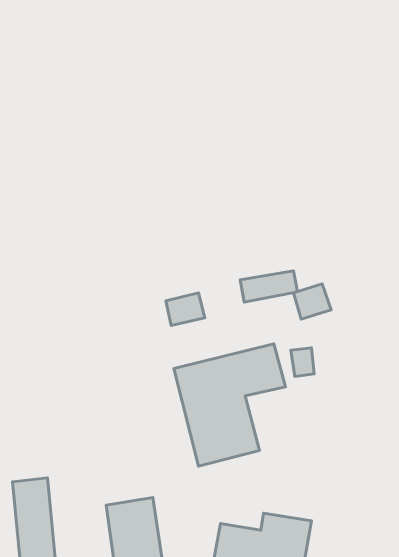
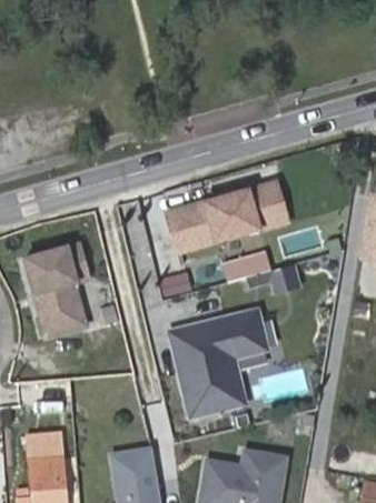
building: none -> [169,183,287,251]
building: none -> [30,239,96,332]

